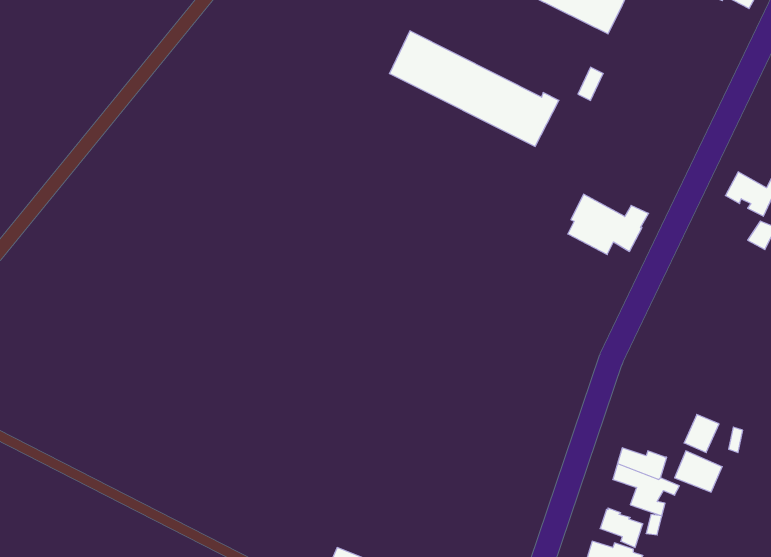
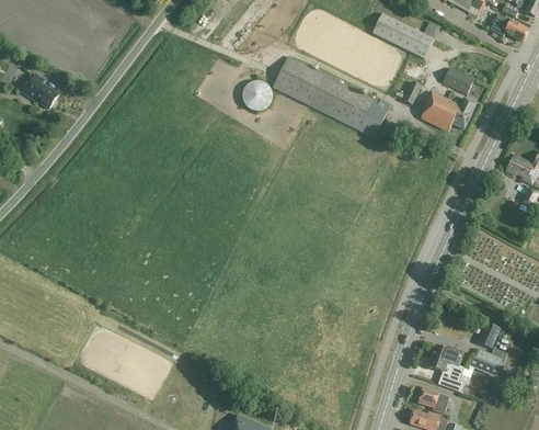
building: none -> [441,67,473,93]
building: none -> [18,72,58,109]
building: none -> [241,79,271,109]
building: [568,194,649,255] -> [420,90,475,132]

